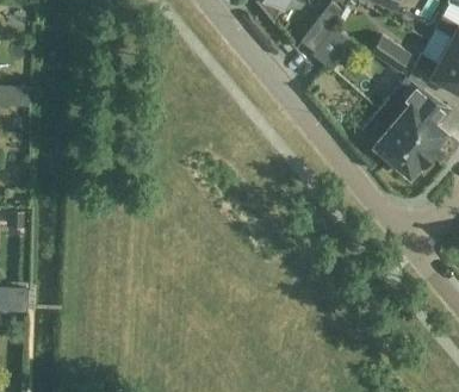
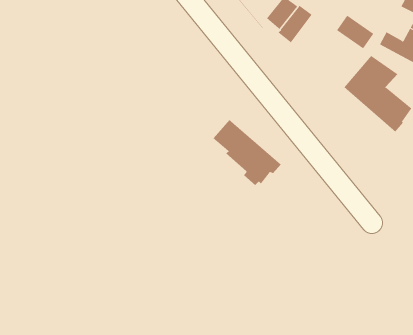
building: [362,110,432,176] -> [212,119,281,186]

